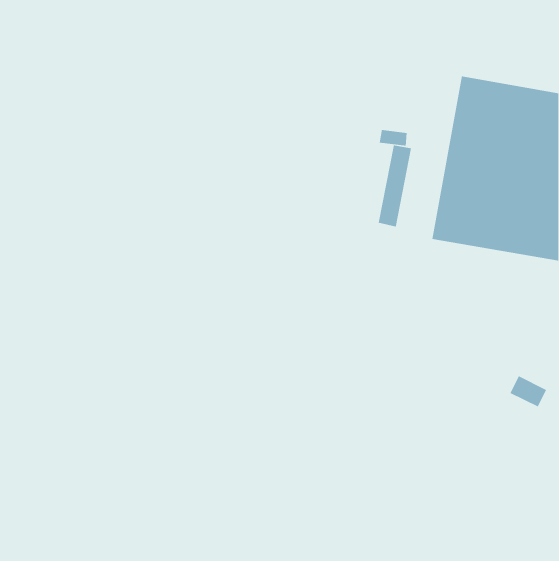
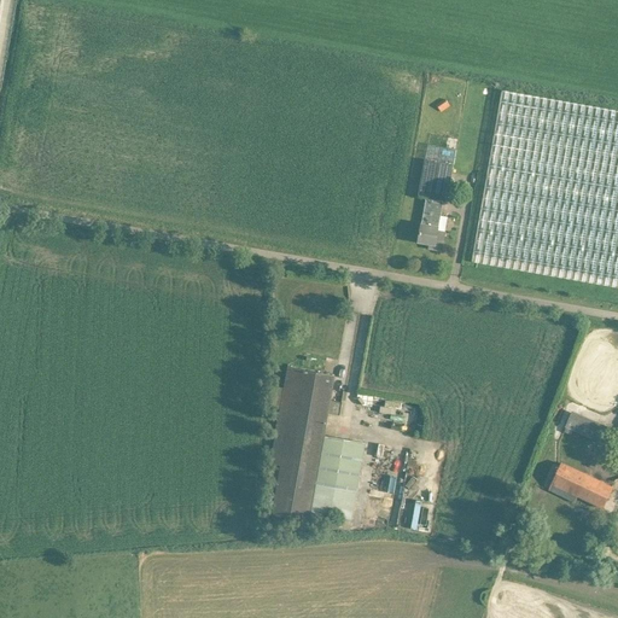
building: none -> [269,367,362,519]
building: none -> [553,466,608,505]

